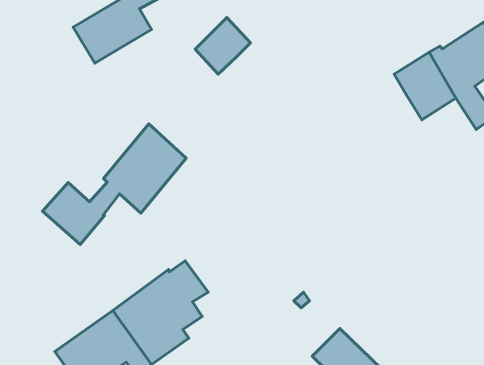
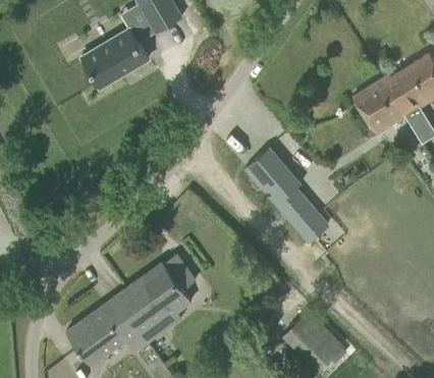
building: [195,17,251,74] -> none
building: [43,124,186,245] -> none
building: none -> [245,148,324,244]

